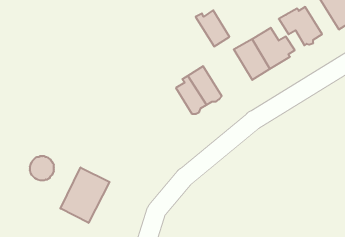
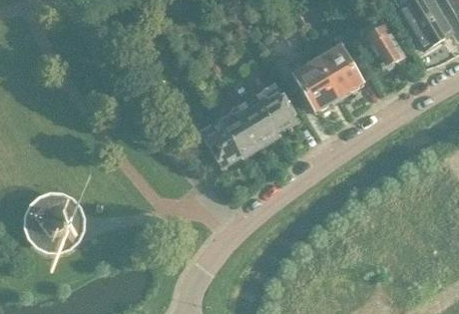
building: [196,10,229,46] -> [256,86,298,131]
building: none -> [199,117,242,166]
building: [60,167,110,223] -> none

